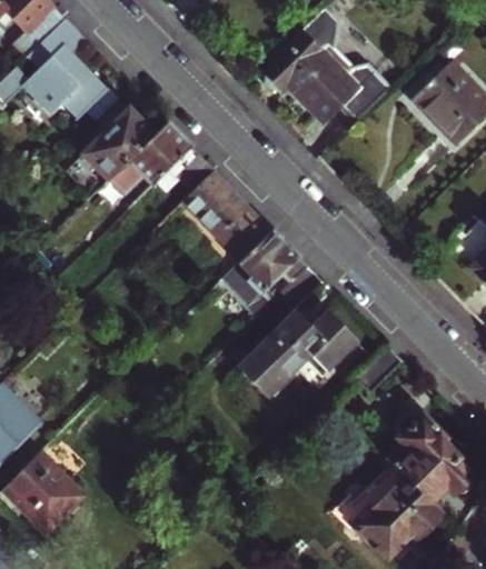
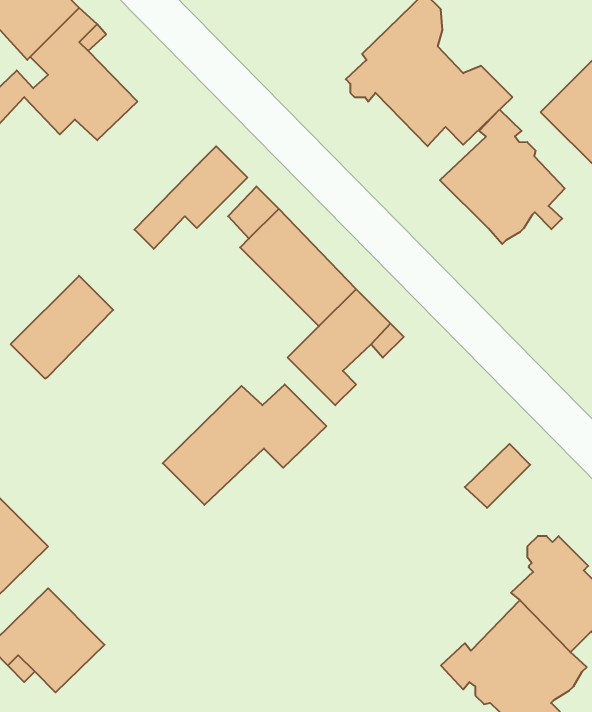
building: none -> [440,110,565,244]
building: [78,110,155,187] -> [11,276,113,378]
building: [236,310,358,400] -> [163,384,326,505]

